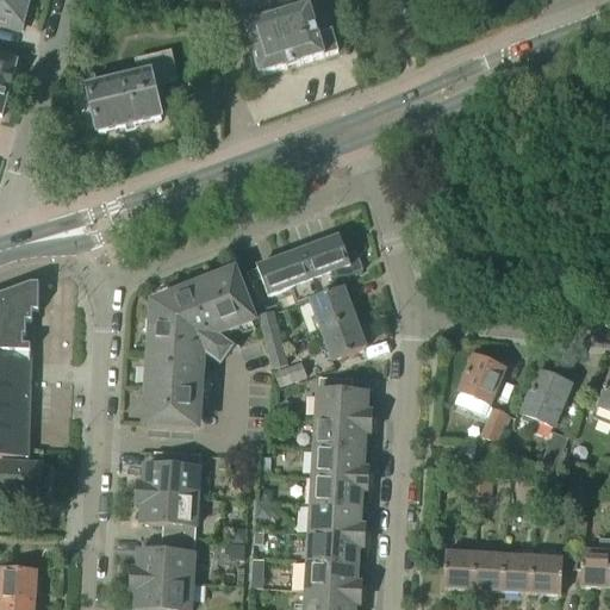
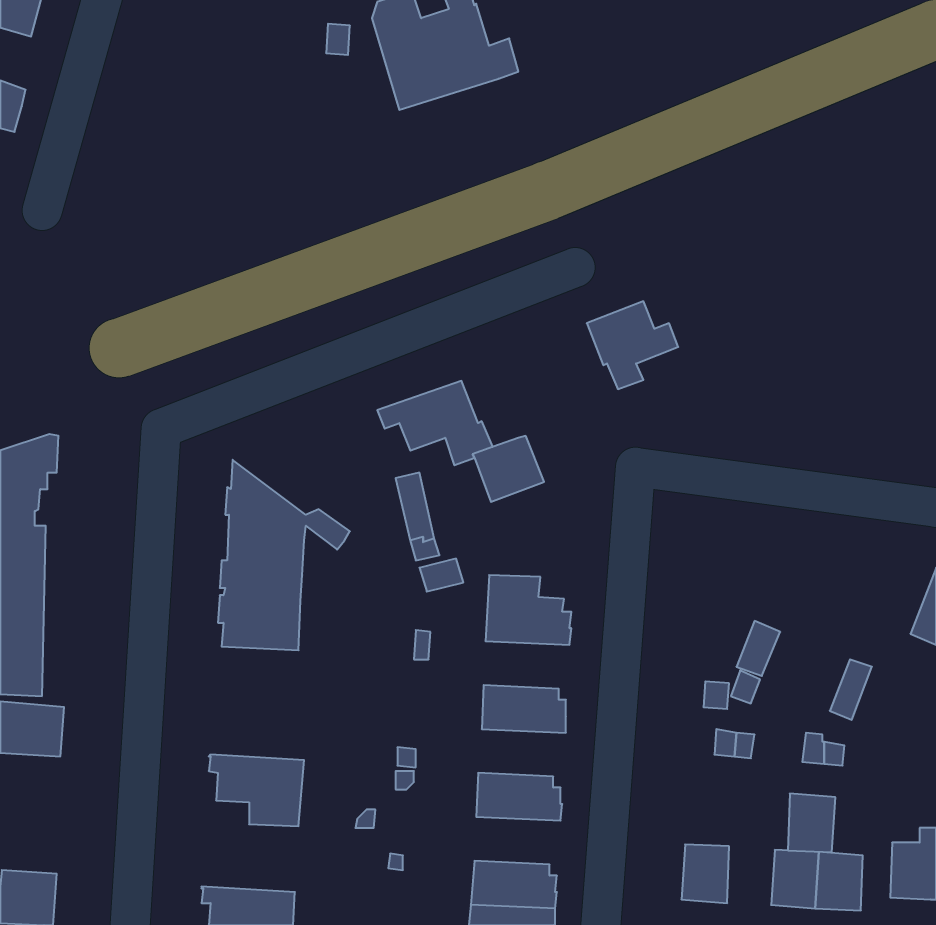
building: [74,48,176,129] -> none
building: [300,234,360,291] -> [587,301,678,389]
building: [151,267,250,335] -> none
building: [319,313,365,356] -> none
building: [454,354,504,412] -> none
building: [522,369,571,424] -> none
building: [315,417,371,448] -> none
building: [137,449,200,494] -> none
building: [311,474,368,505] -> none
building: [309,531,365,562] -> none
building: [131,536,194,580] -> none
building: [473,550,504,589] -> [788,794,835,852]

